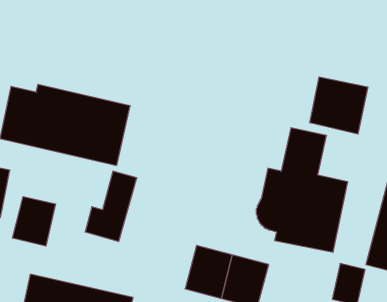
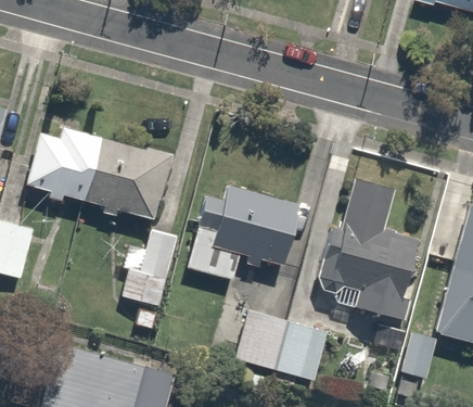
building: [310,77,368,134] -> none
building: none -> [188,183,303,281]
building: [13,197,55,246] -> none

